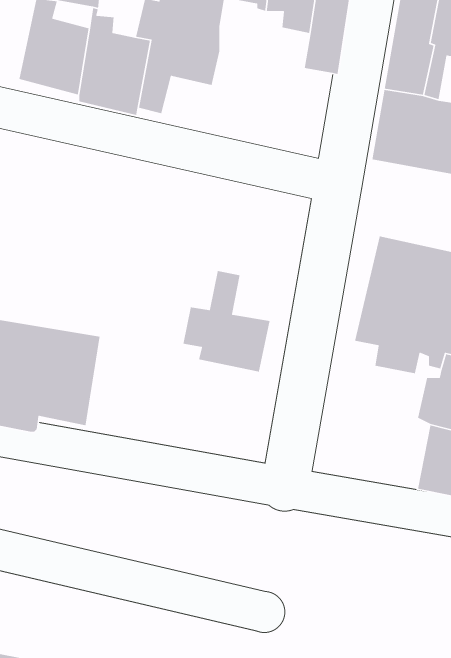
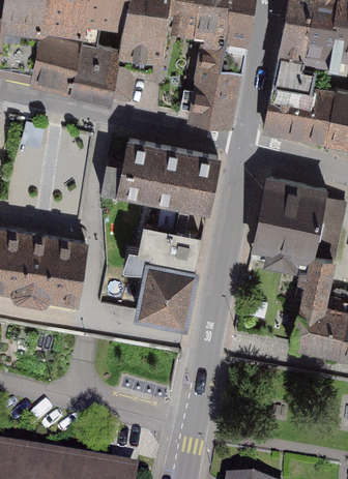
building: none -> [192,40,239,121]
building: none -> [102,140,219,208]
building: none -> [137,259,197,321]

